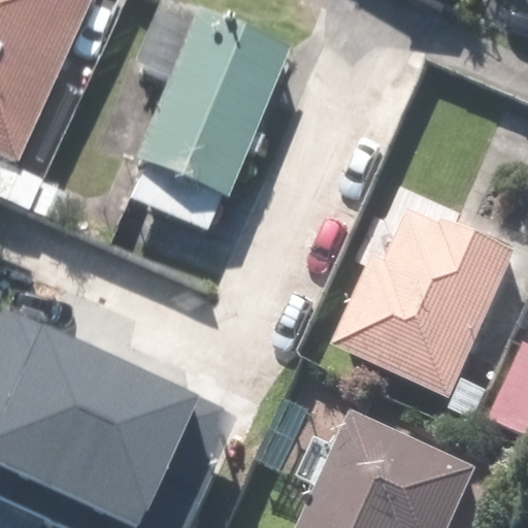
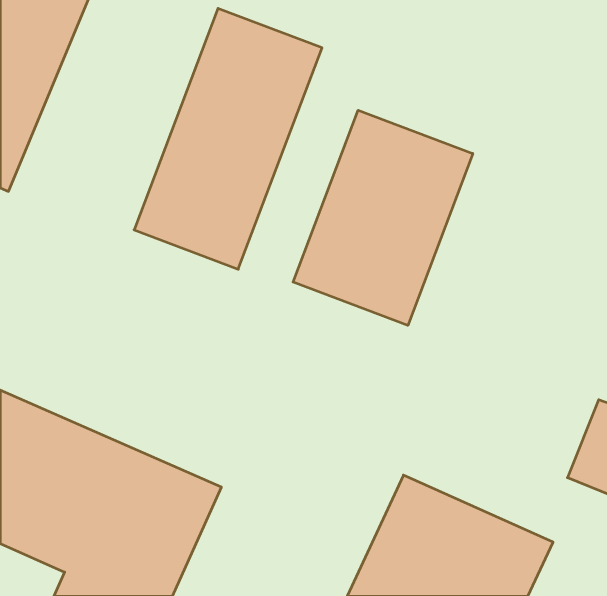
building: none -> [293,110,473,325]
building: [332,196,519,398] -> none

